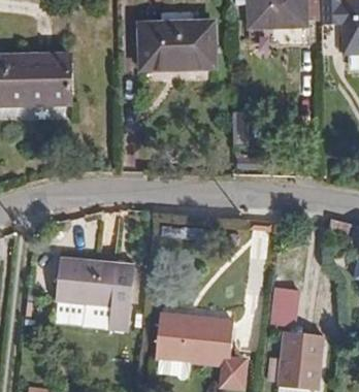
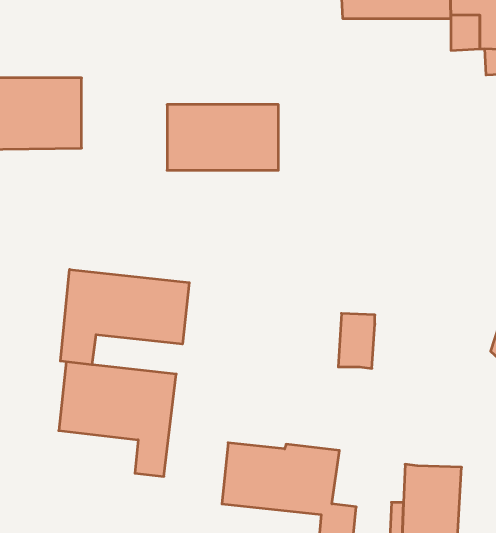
building: [135,28,210,72] -> [167,105,278,170]
building: none -> [60,269,189,365]
building: [272,291,297,328] -> [338,313,375,368]

